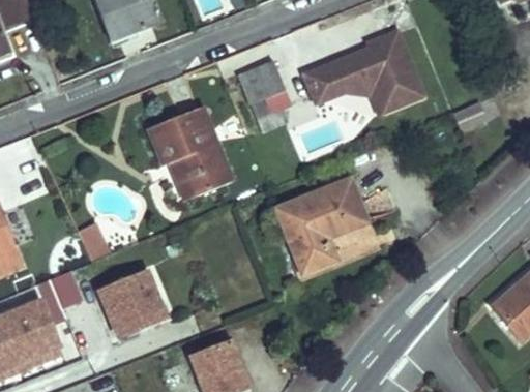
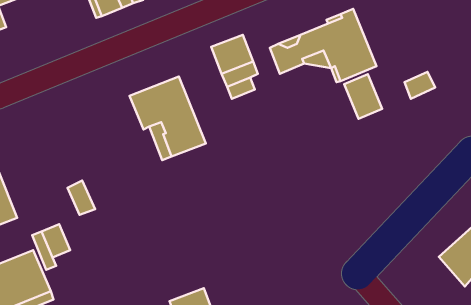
building: none -> [344,74,382,119]
building: [276,179,365,271] -> none
building: [99,271,165,336] -> none

